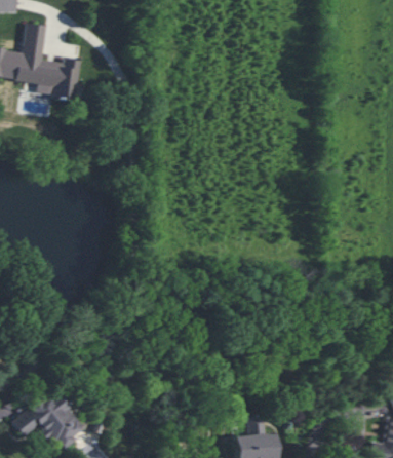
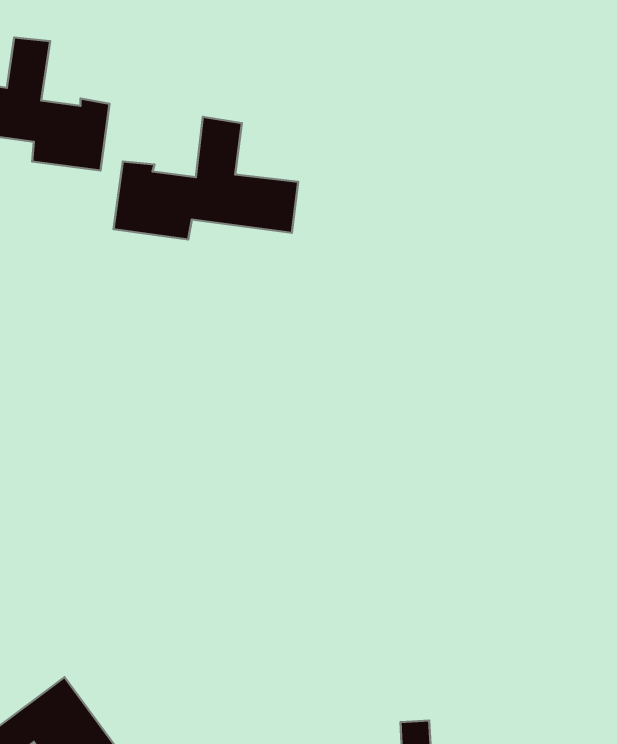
building: none -> [114,117,298,239]

